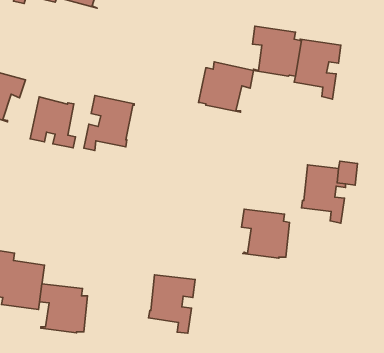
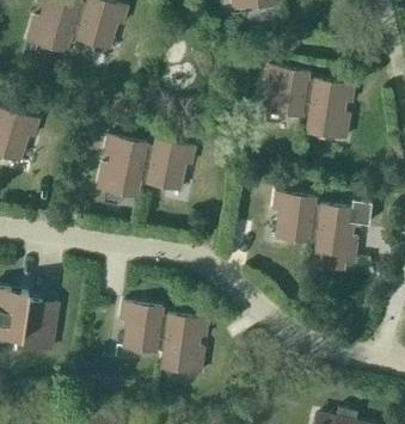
building: [199,62,254,112] -> [139,140,194,190]
building: [30,97,76,148] -> none
building: [242,209,289,258] -> [272,193,320,242]
building: [40,284,87,333] -> [119,303,167,352]

